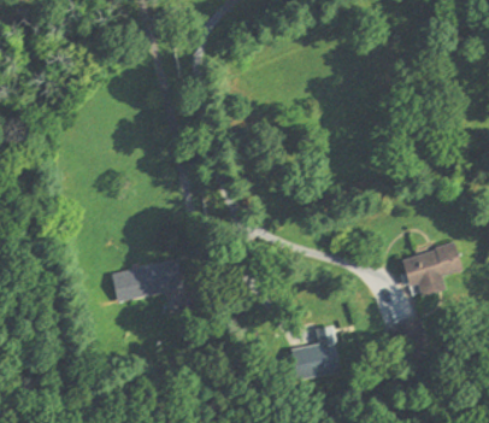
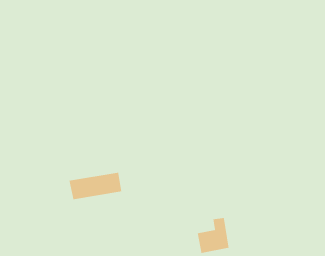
building: [400,245,464,288] -> none

